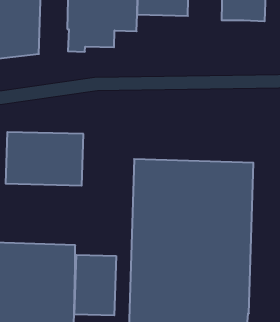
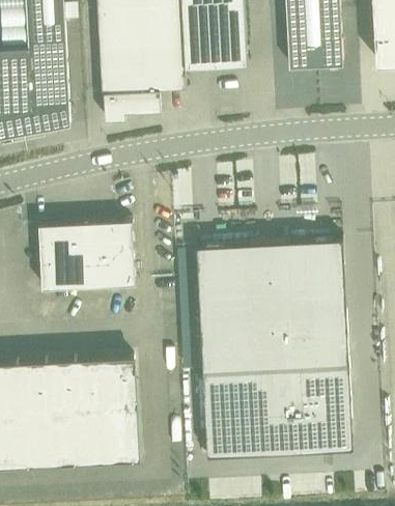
building: [74,255,116,315] -> none

